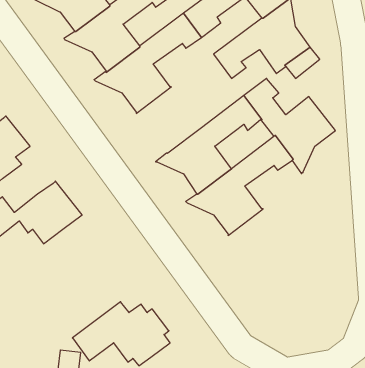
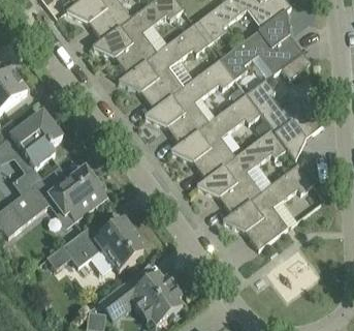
building: none -> [144,59,235,144]
building: none -> [223,160,314,249]
building: none -> [63,218,144,275]

